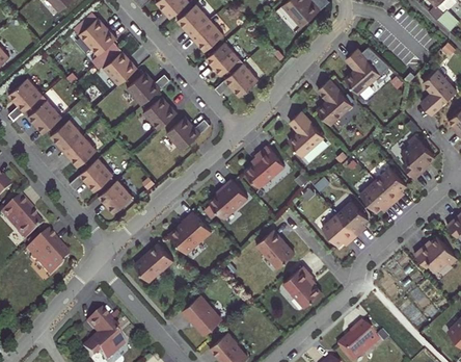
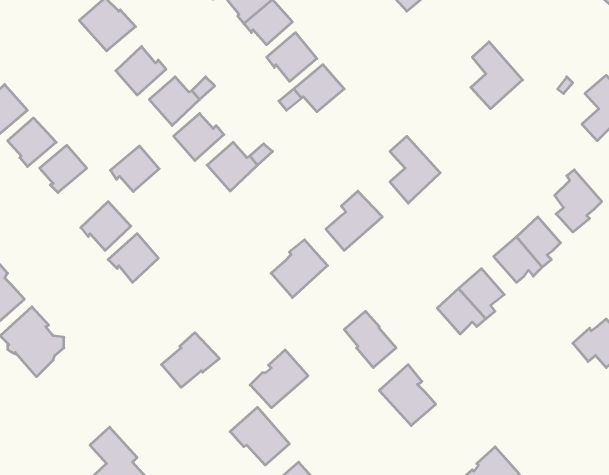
building: [317,78,352,124] -> none
building: [63,133,97,164] -> [110,146,159,192]
building: [169,213,209,253] -> [250,350,308,408]

